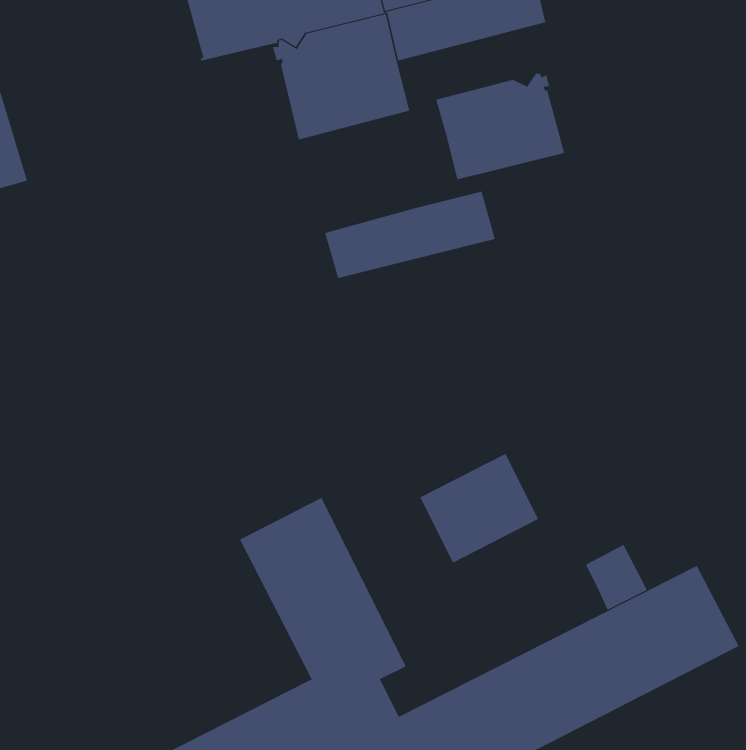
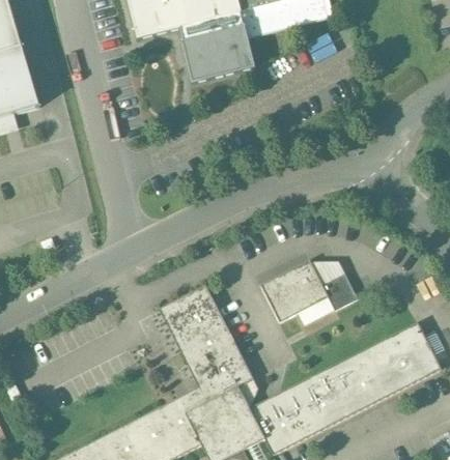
building: [436,73,565,180] -> none
building: [325,190,495,279] -> none
building: [585,544,648,610] -> [322,274,358,311]

